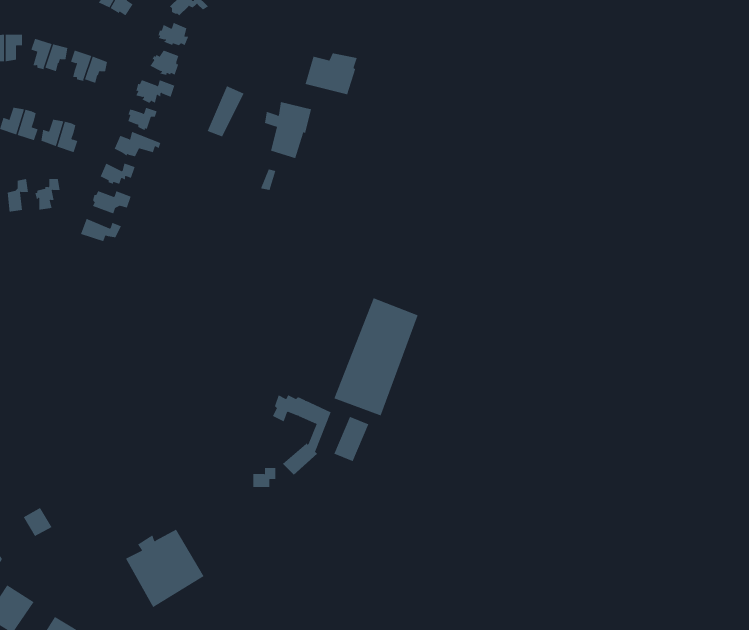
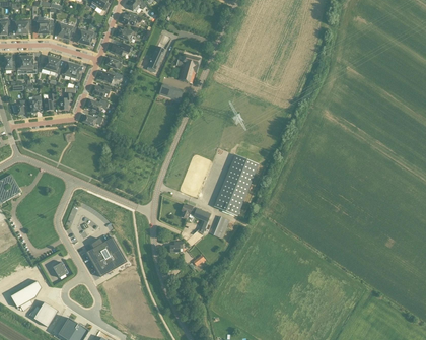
building: [305,52,358,95] -> none
building: [125,529,204,608] -> [85,236,126,277]

